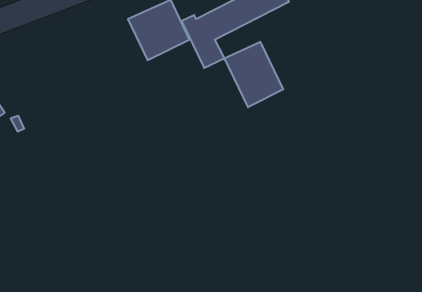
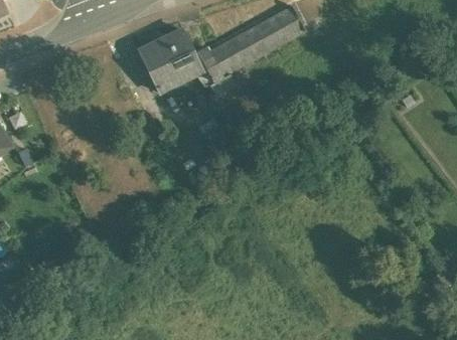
building: [225,42,283,107] -> none

